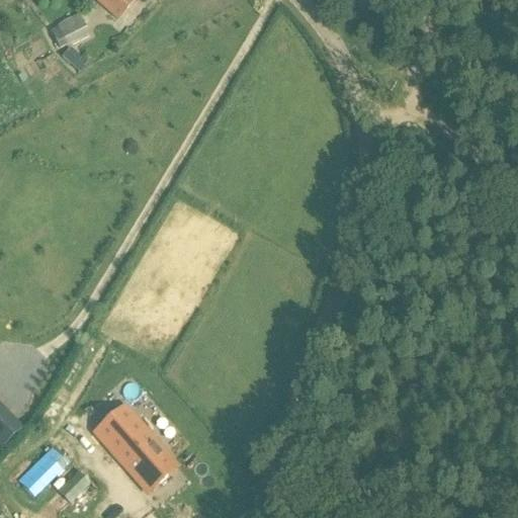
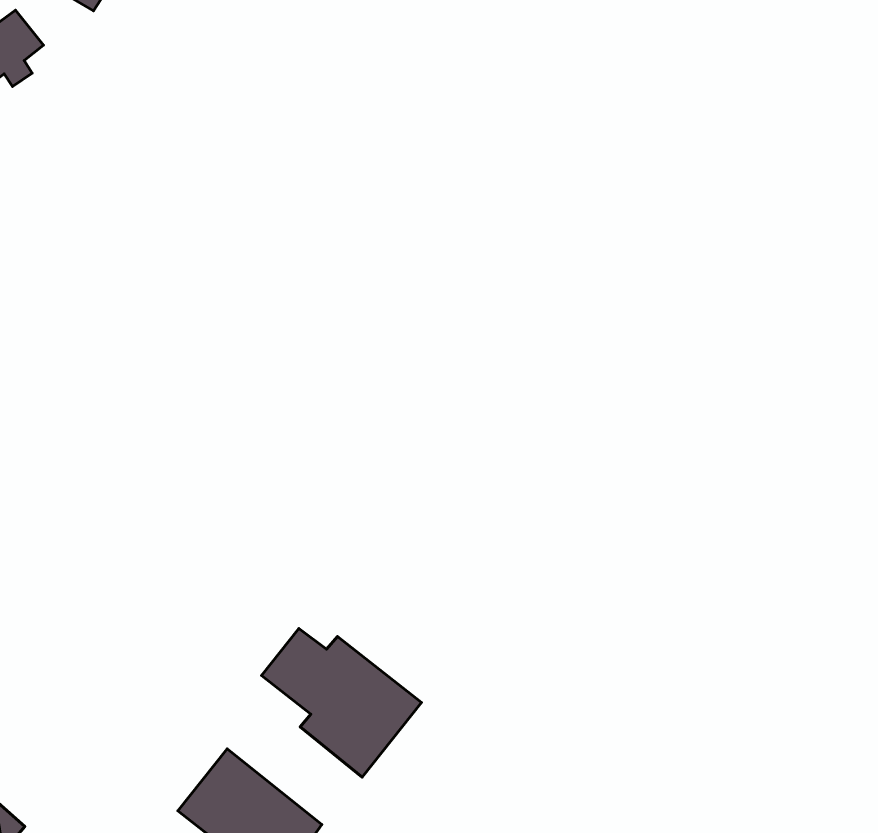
building: none -> [262,628,421,777]

